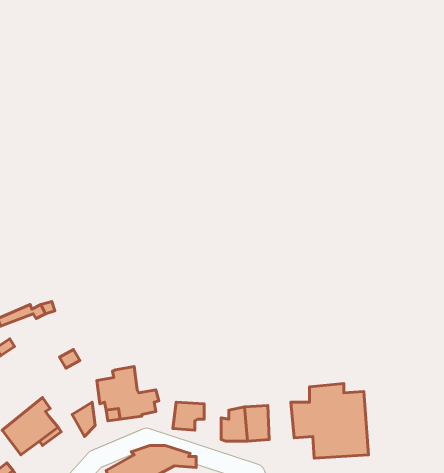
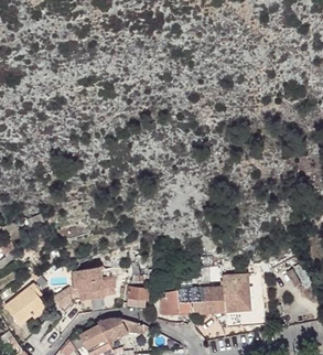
building: none -> [193,287,212,313]

